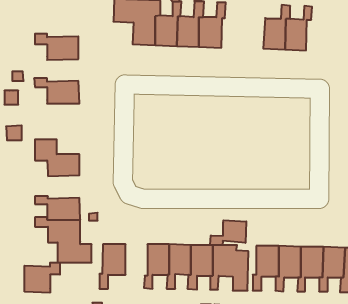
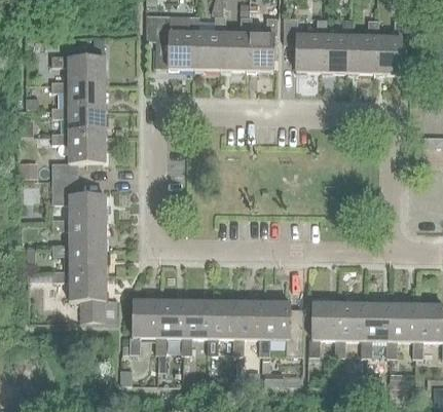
building: none -> [285,18,328,71]
building: none -> [372,22,405,74]
building: none -> [52,80,104,110]
building: none -> [52,132,105,178]
building: none -> [52,217,105,248]
building: [210,220,246,245] -> none
building: none -> [155,301,185,353]
building: [25,263,60,293] -> none

